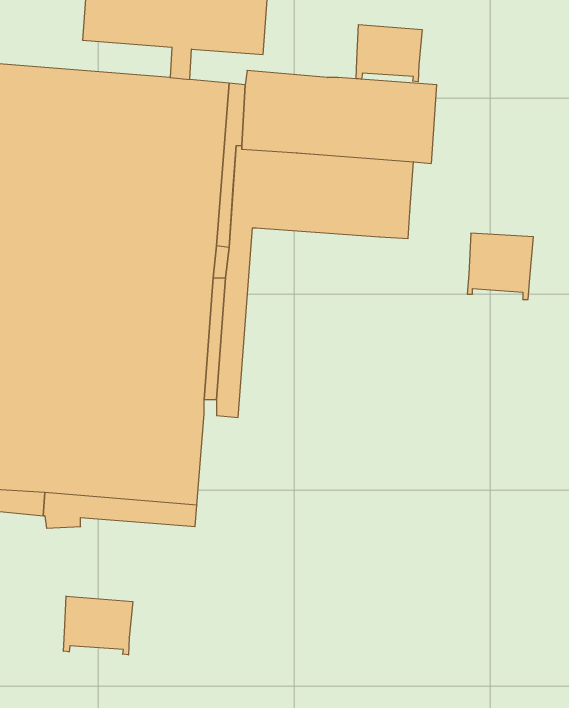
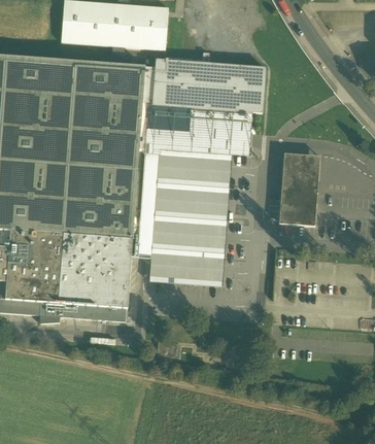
building: [356,25,422,82] -> none
building: none -> [149,149,232,286]
building: none -> [279,184,317,226]
building: [63,596,133,655] -> none

